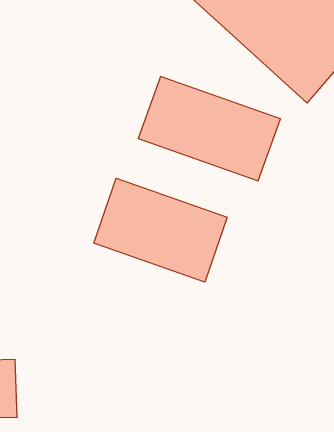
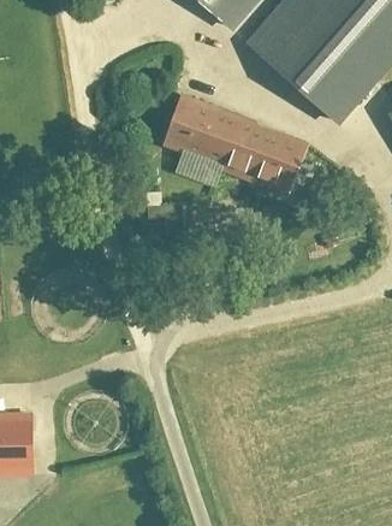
building: [94,178,227,282] -> none

